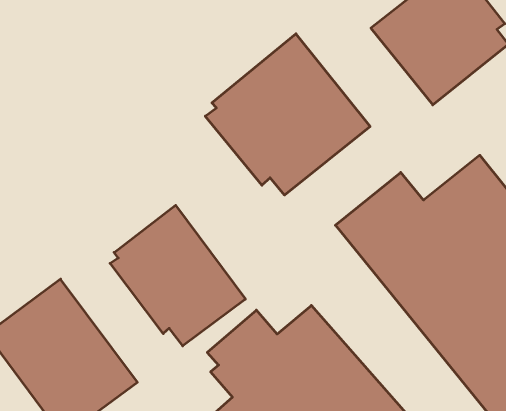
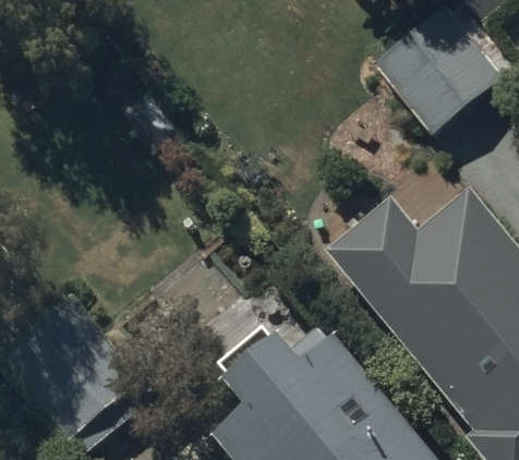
building: [205,34,370,195] -> none
building: [110,205,245,346] -> none

